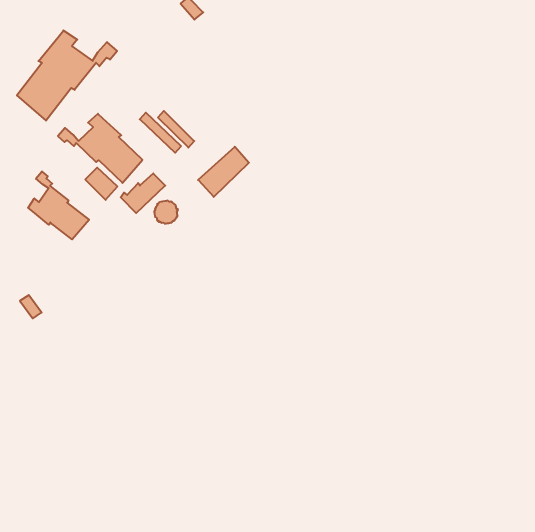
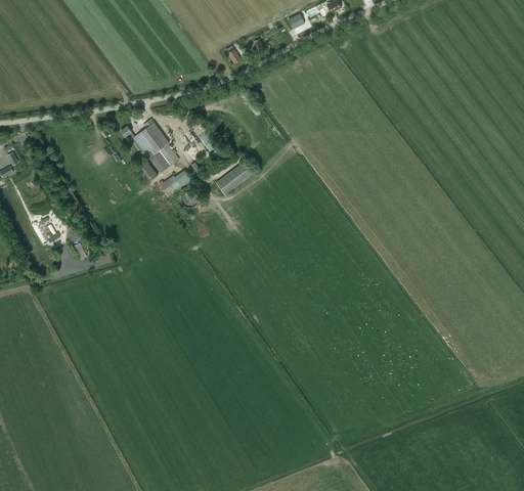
building: [17,30,117,121] -> none
building: [28,171,89,239] -> none

